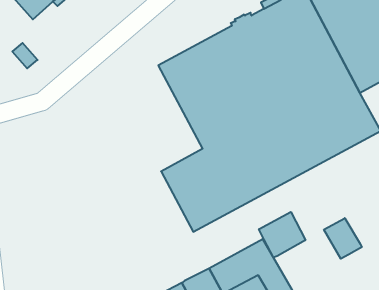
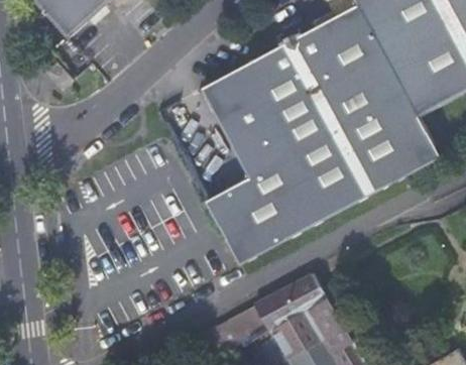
building: [259,212,305,258] -> none
building: [324,218,362,259] -> none

